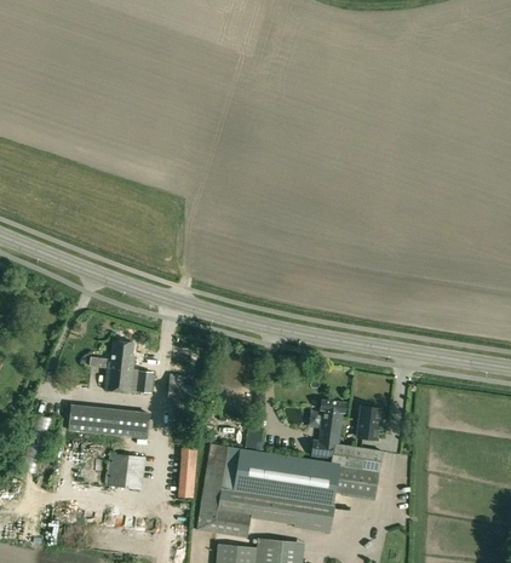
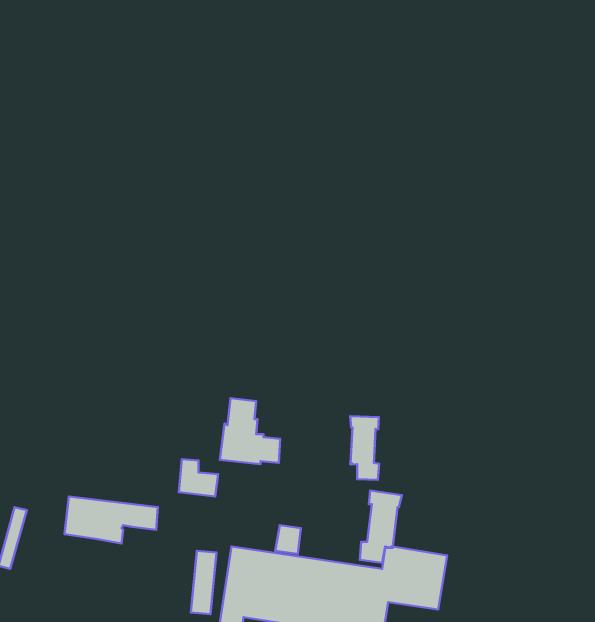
building: none -> [350,416,379,480]
building: [104,340,153,393] -> [220,398,280,464]
building: [356,404,380,440] -> none
building: [107,454,145,490] -> none

